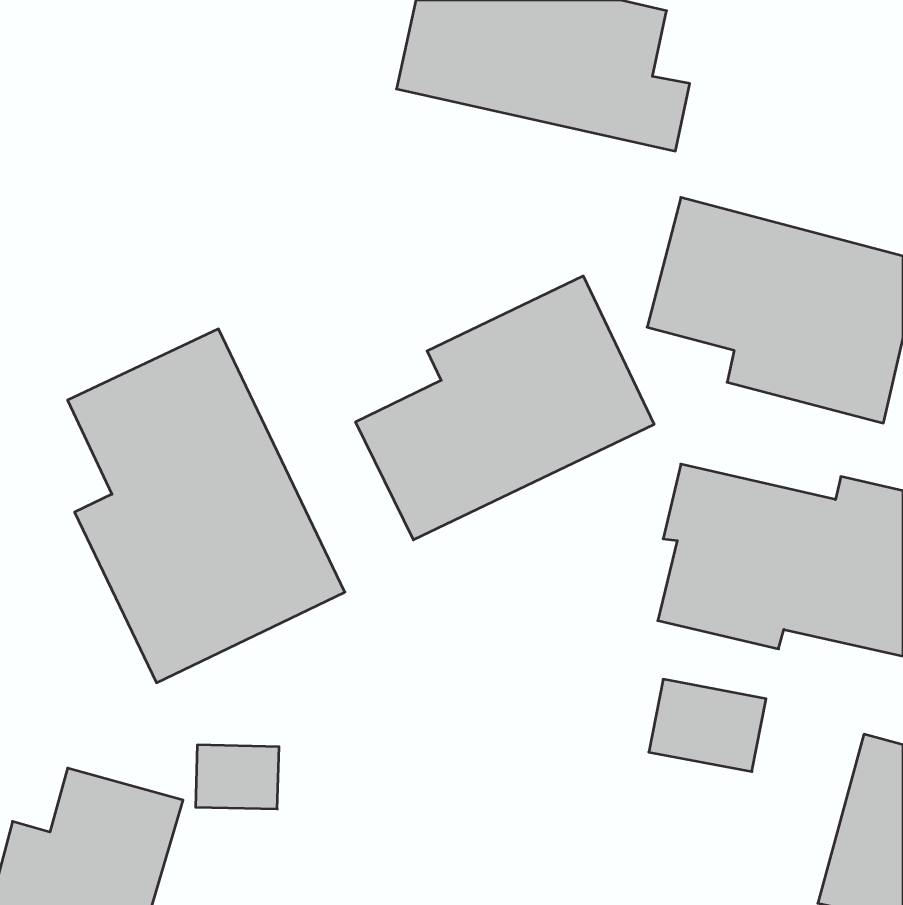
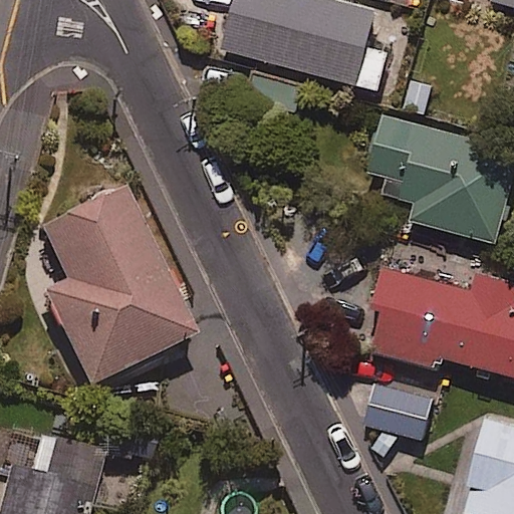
building: [356,276,654,540] -> none

